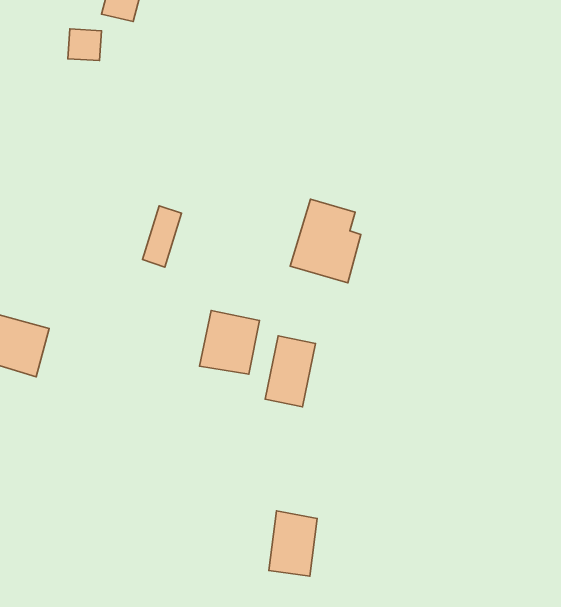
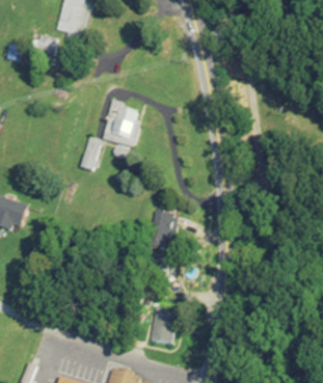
building: [290,199,361,283] -> [102,100,141,146]
building: [199,311,260,374] -> none

